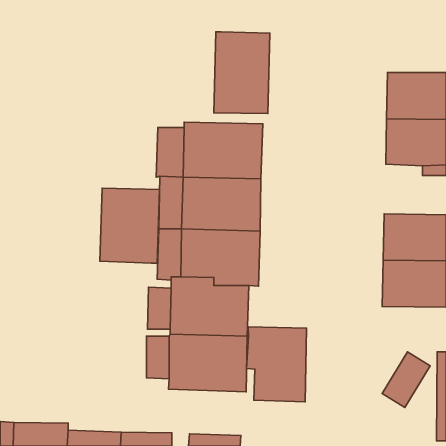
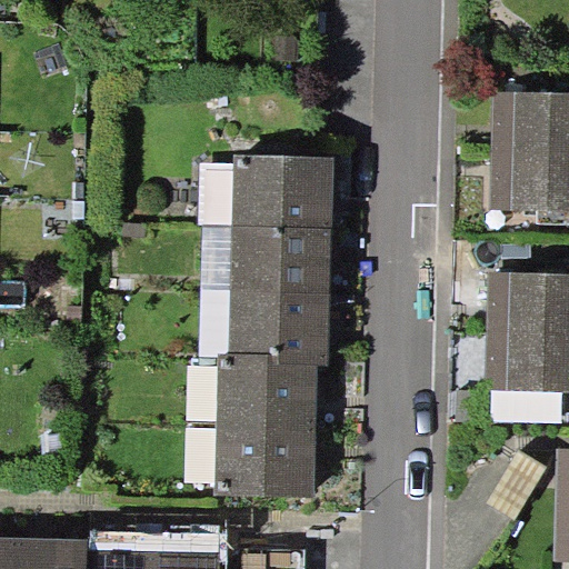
building: [214,32,270,113] -> none
building: [100,188,159,263] -> none
building: [246,327,307,402] -> none

